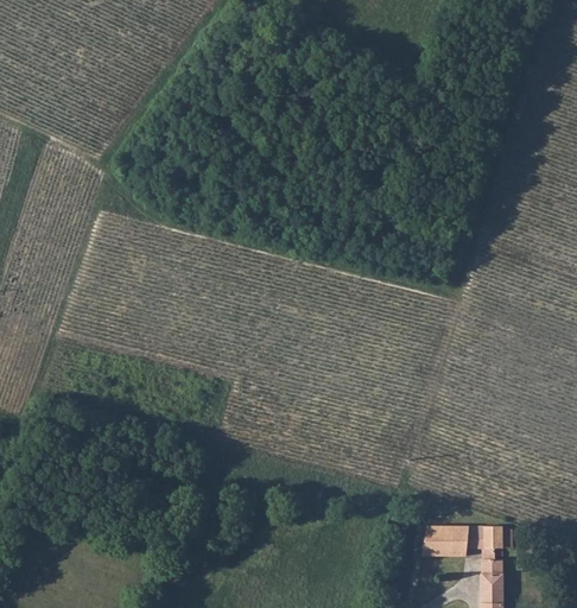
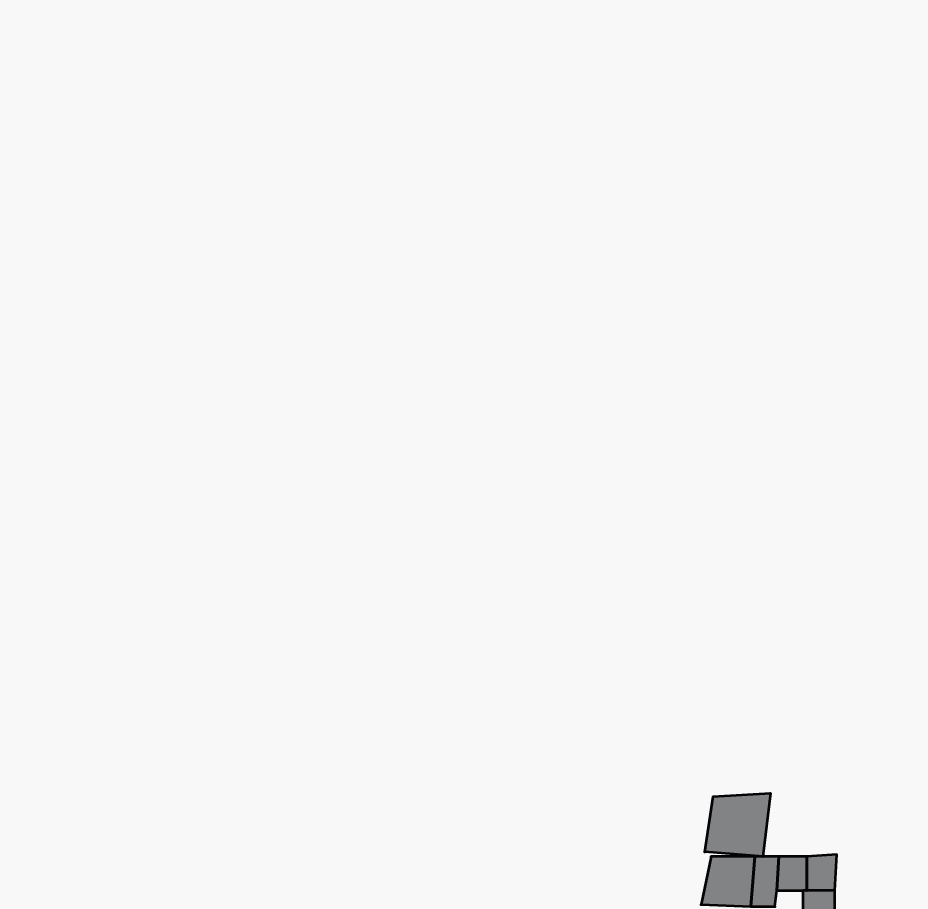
building: none -> [705,793,770,857]

